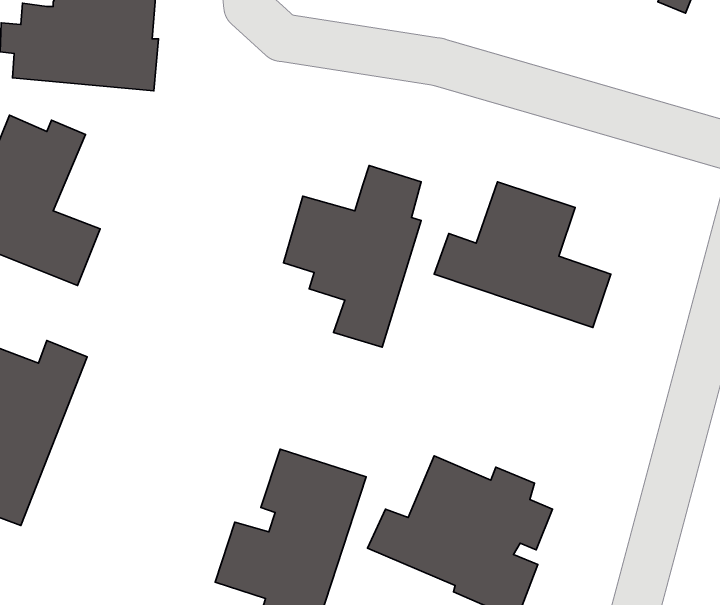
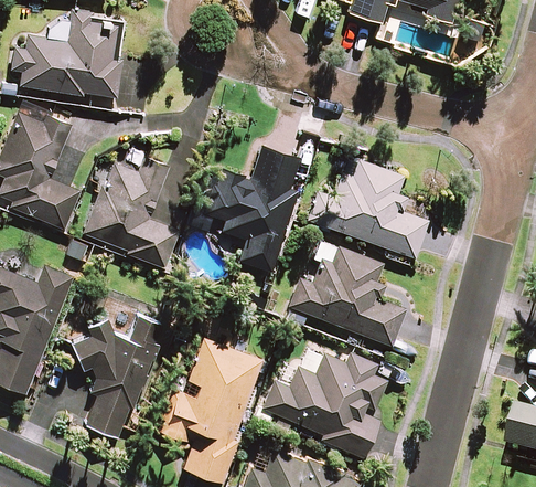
building: none -> [84,158,181,268]
building: none -> [289,241,405,346]
building: none -> [73,318,162,436]

